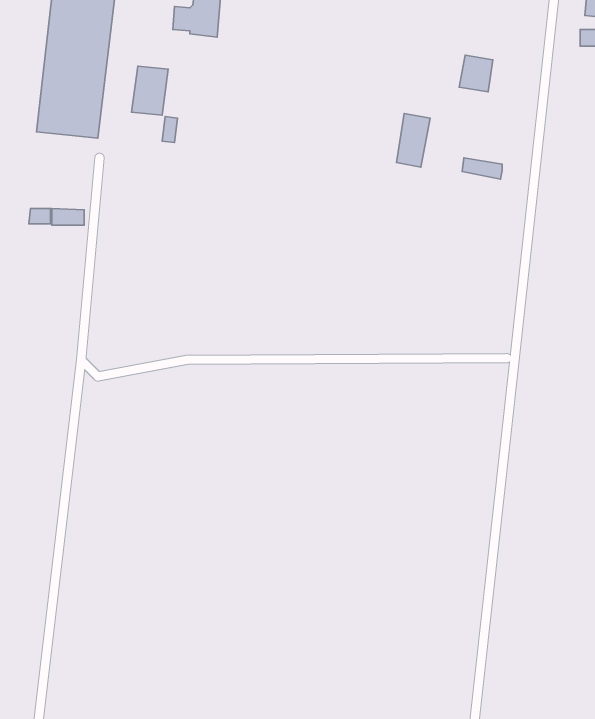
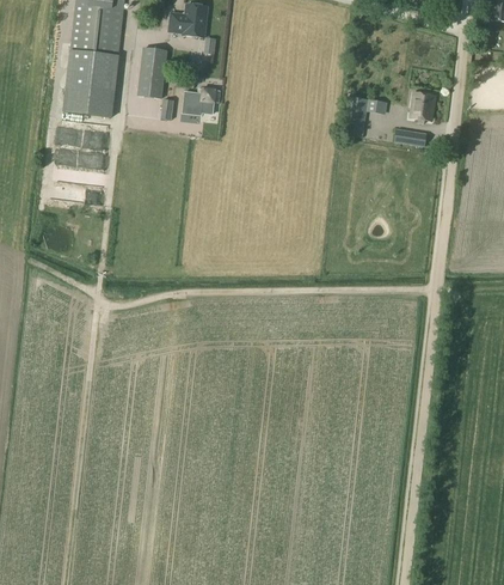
building: [459,55,493,92] -> [410,91,436,120]
building: none -> [183,87,221,111]

